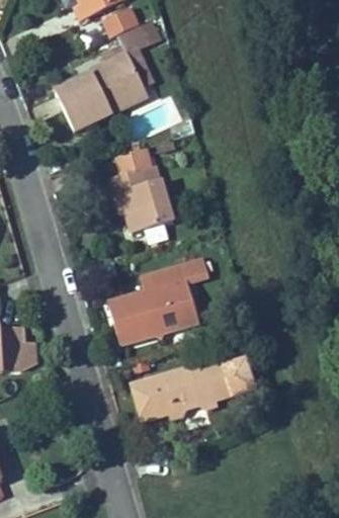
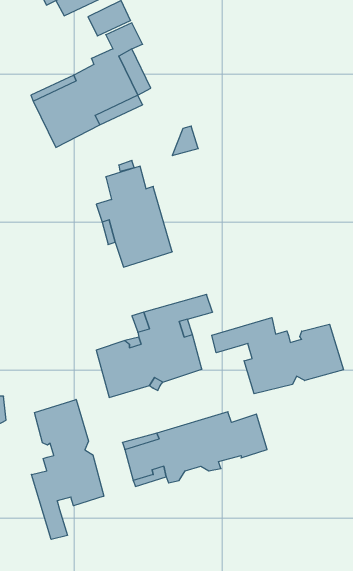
building: none -> [212,318,343,394]
building: none -> [31,399,104,539]

